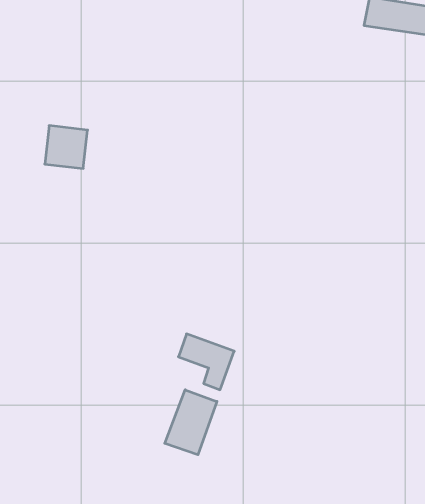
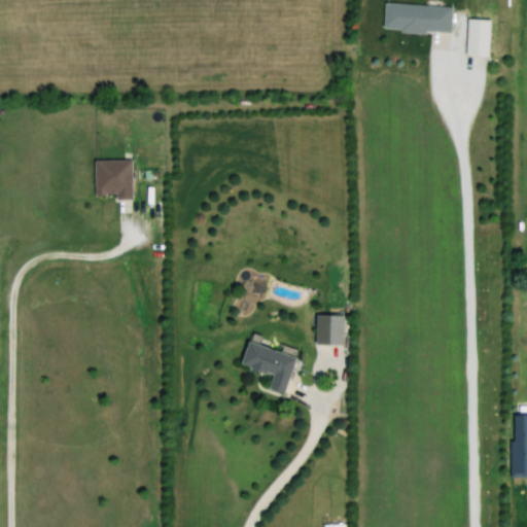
building: none -> [317,315,344,344]
building: [165,390,217,455] -> none

